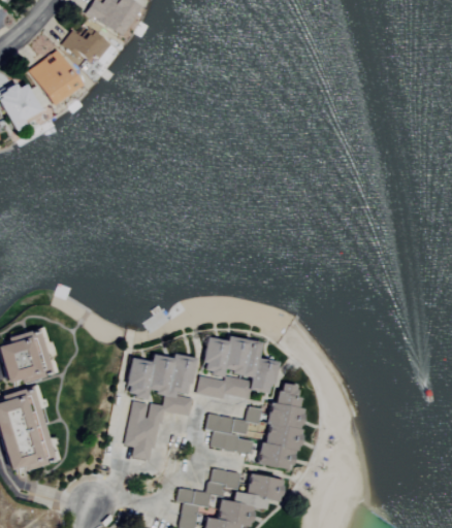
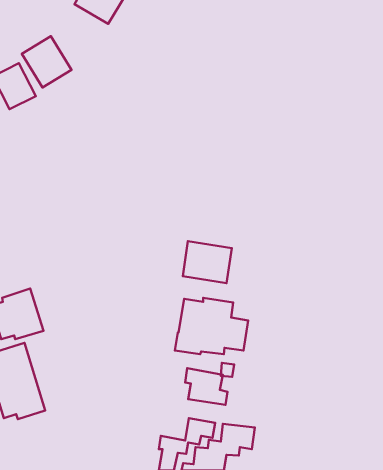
building: [63,28,114,63] -> none
building: none -> [183,241,232,283]
building: [126,353,194,461] -> none
building: [259,384,303,469] -> none

